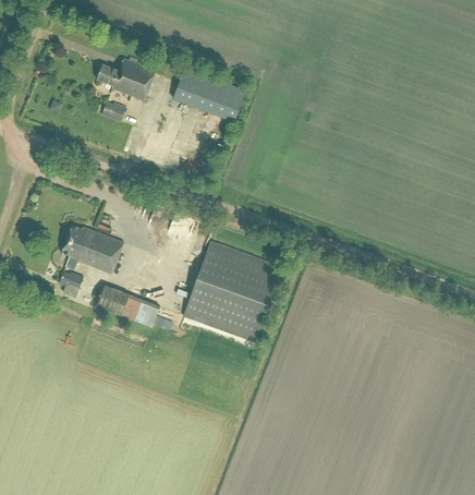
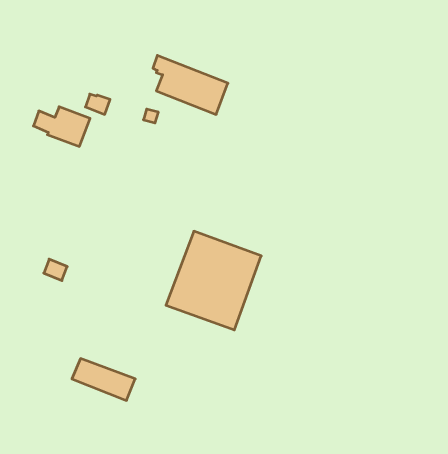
building: [96,59,154,99] -> [33,107,90,146]
building: [60,225,122,274] -> none
building: [95,285,159,327] -> [72,359,135,400]

